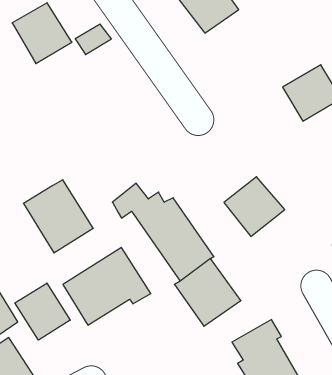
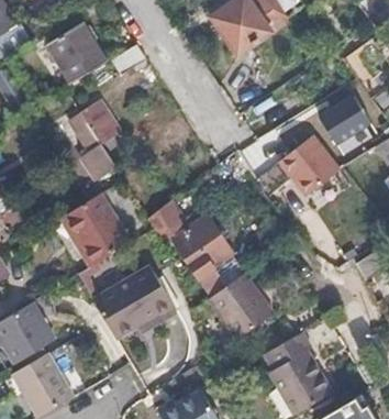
building: none -> [67,100,125,177]
building: [224,177,285,236] -> [279,137,338,196]
building: [15,283,70,340] -> none

